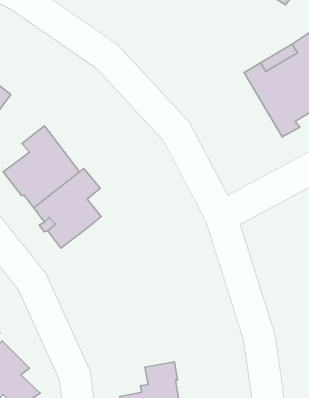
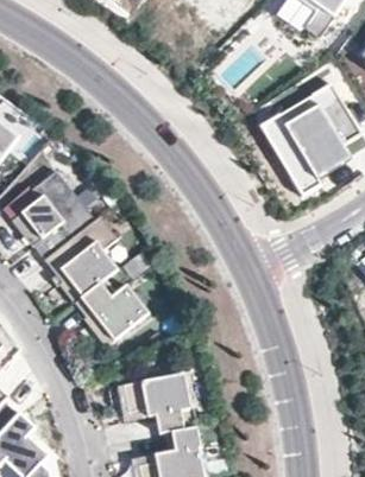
building: none -> [73,280,147,348]
building: none -> [122,374,196,433]

